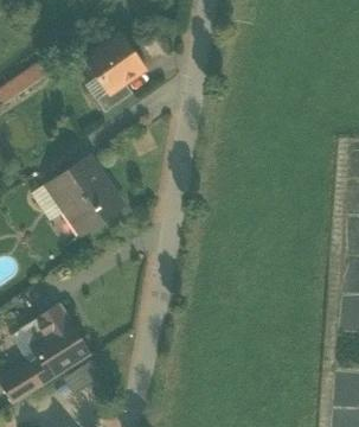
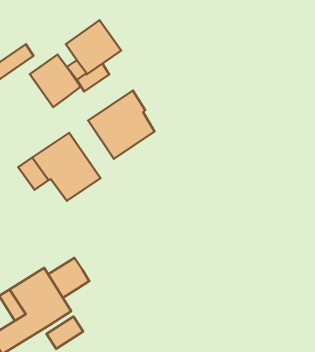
building: none -> [30,55,81,107]
building: none -> [88,91,155,159]
building: none -> [48,258,90,298]

